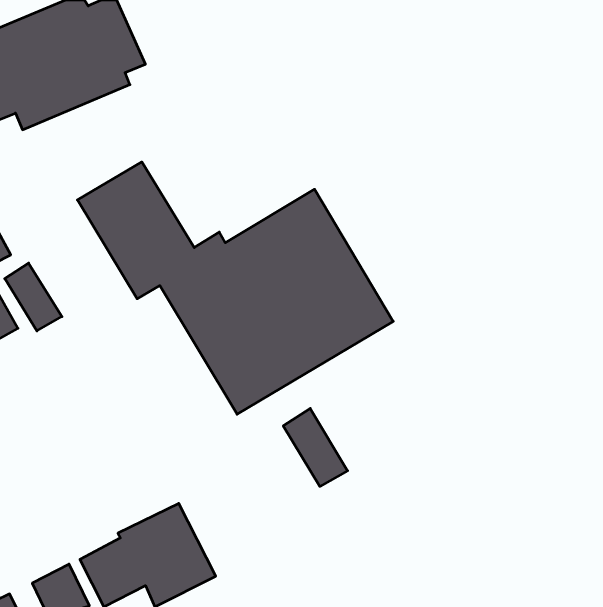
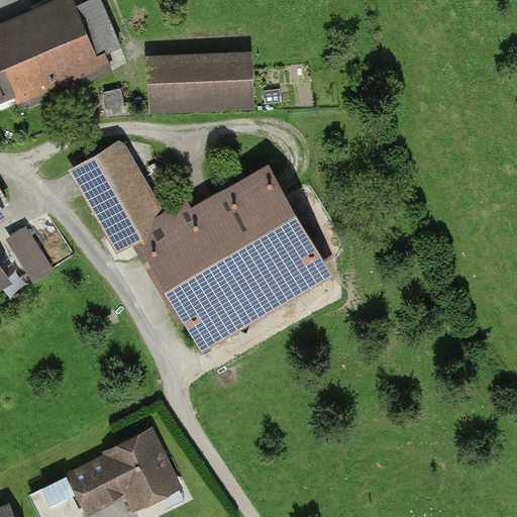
building: none -> [145,53,251,114]
building: [283,408,348,486] -> none

